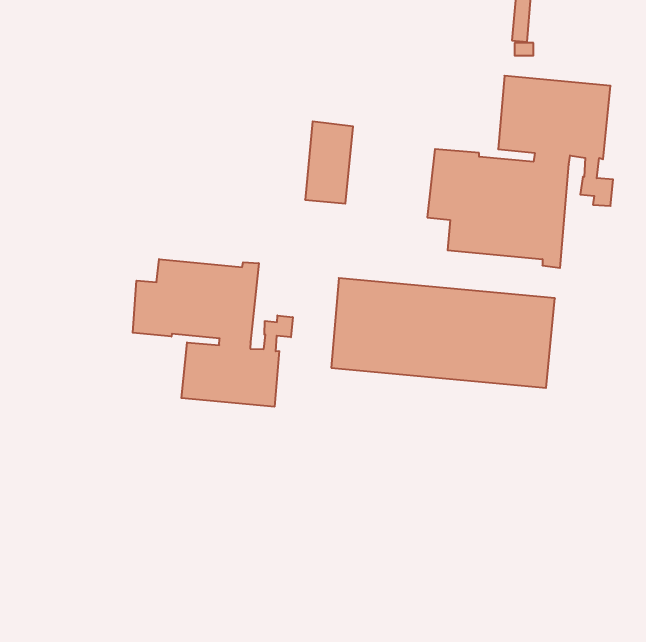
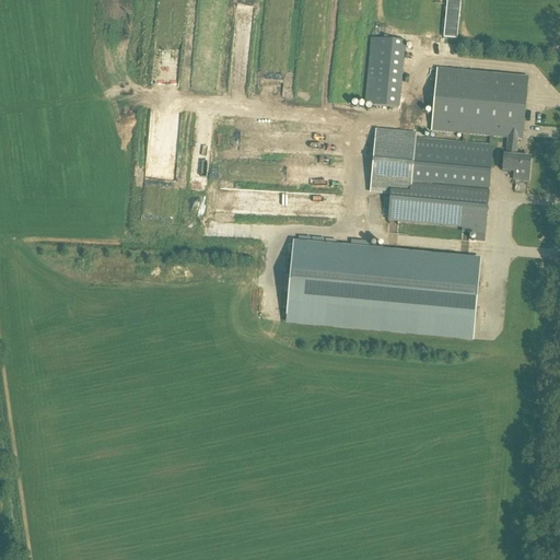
building: [305,121,353,204] -> [364,35,406,106]
building: [133,259,293,407] -> none

